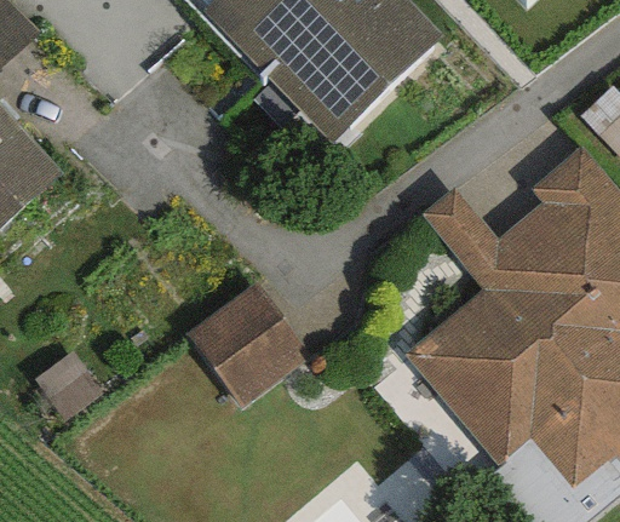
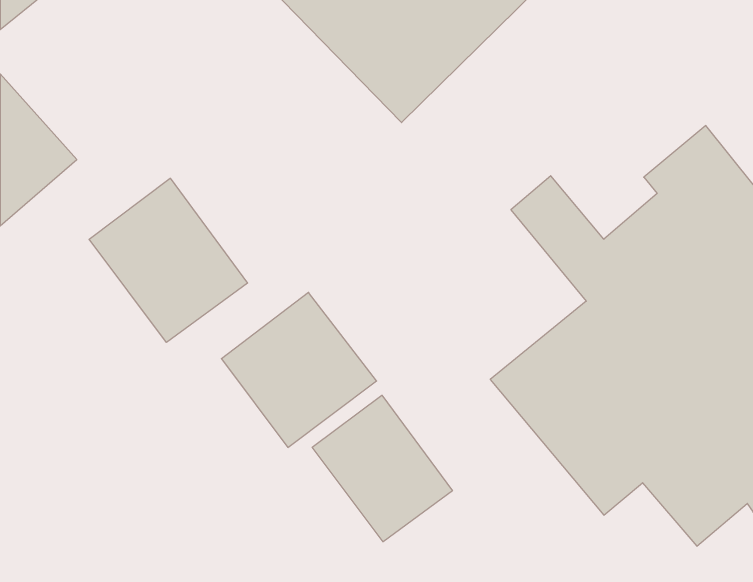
building: none -> [89,178,248,342]
building: none -> [312,395,452,542]

